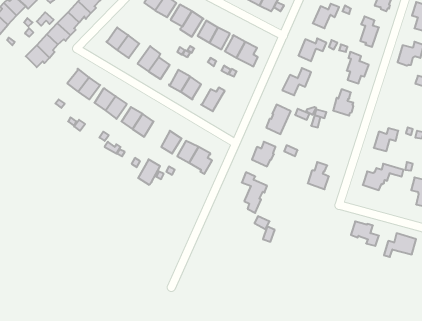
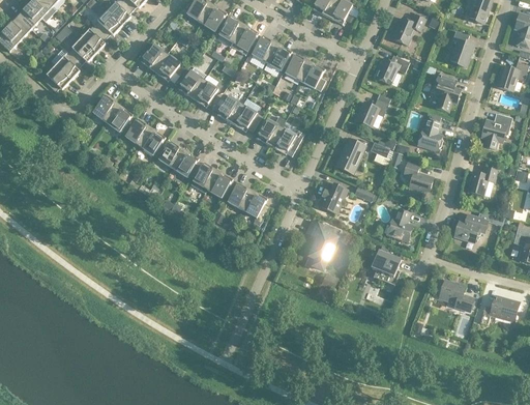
building: none -> [480,114,510,149]
building: none -> [269,123,302,156]
building: none -> [402,162,432,199]
building: [138,159,160,185] -> [189,162,216,193]
building: none -> [370,251,400,286]

